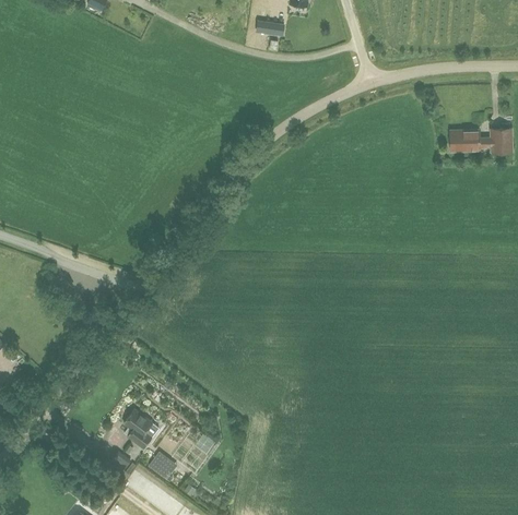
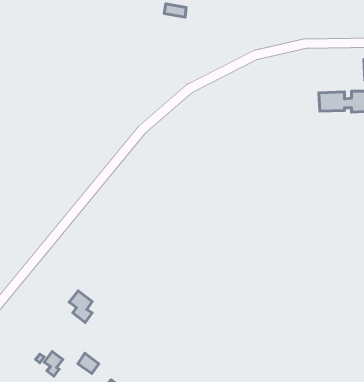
building: [122,408,151,447] -> [69,291,92,323]

